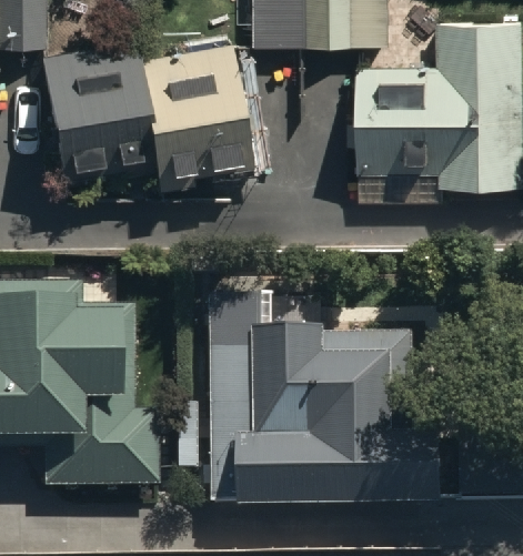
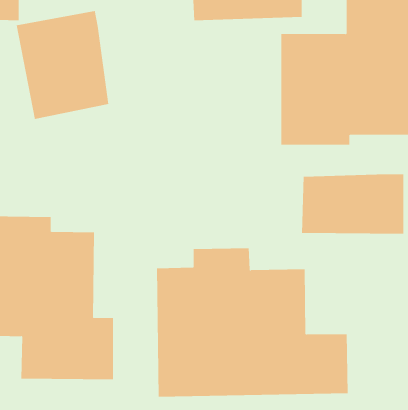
building: [138,39,250,179] -> none
building: none -> [301,174,404,234]

